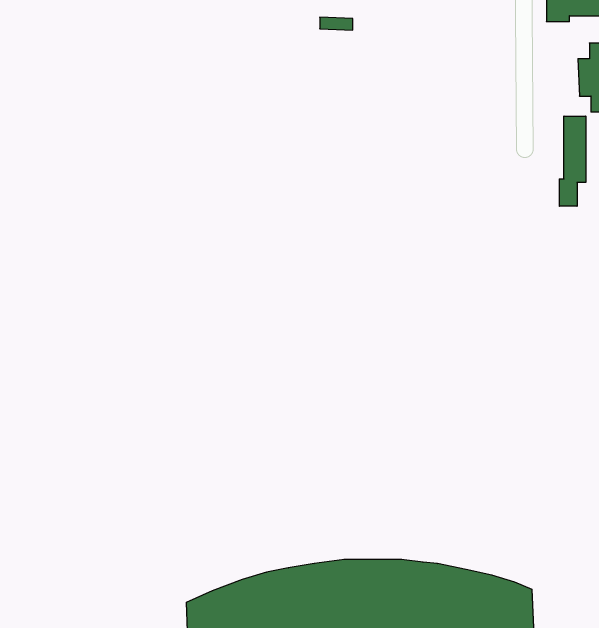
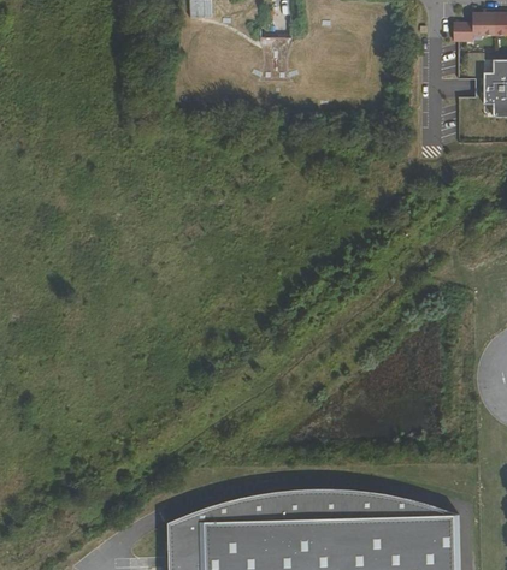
building: [559,116,586,206] -> none

